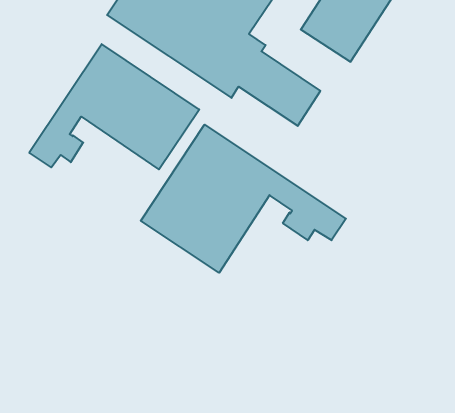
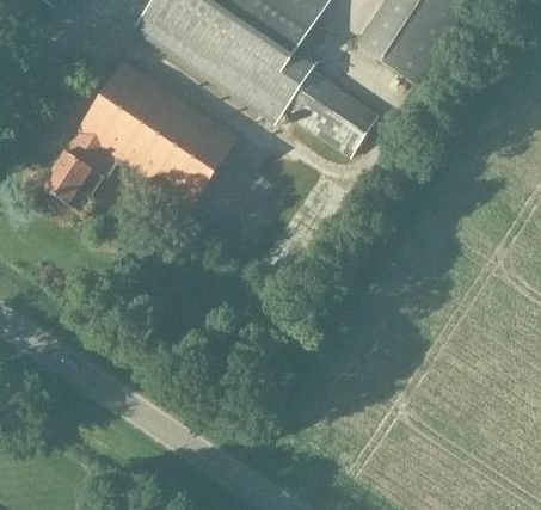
building: [141,125,346,273] -> none

